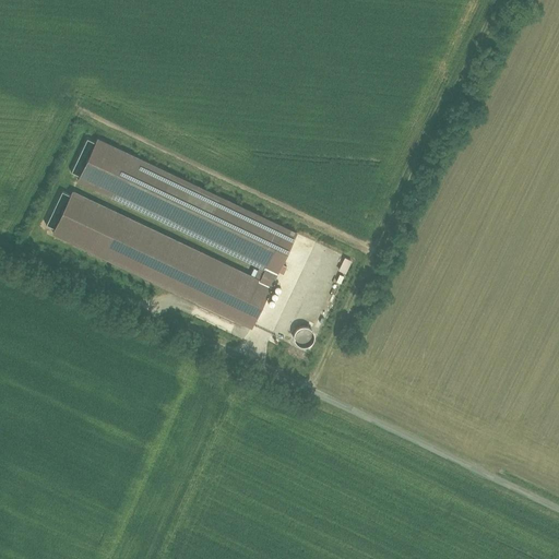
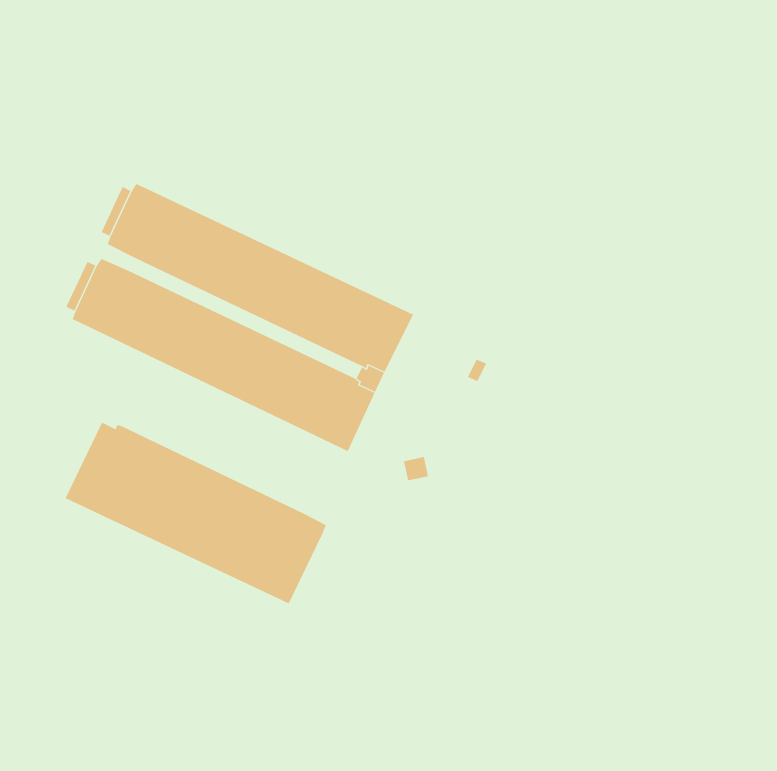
building: none -> [65,422,326,604]

